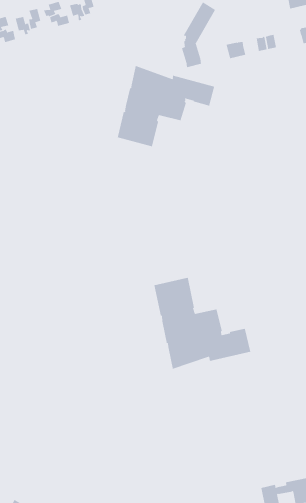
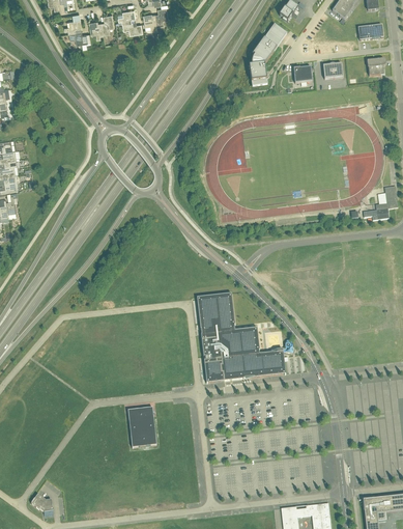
building: [117,65,215,147] -> none
building: none -> [127,407,156,447]

